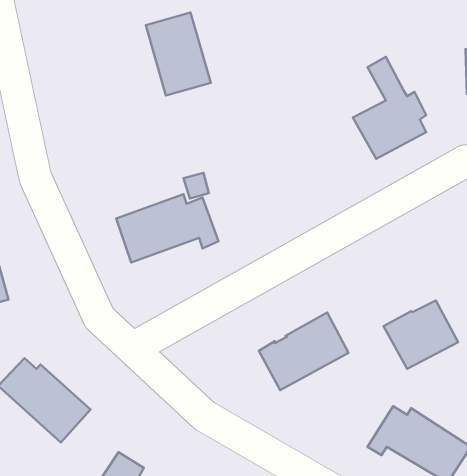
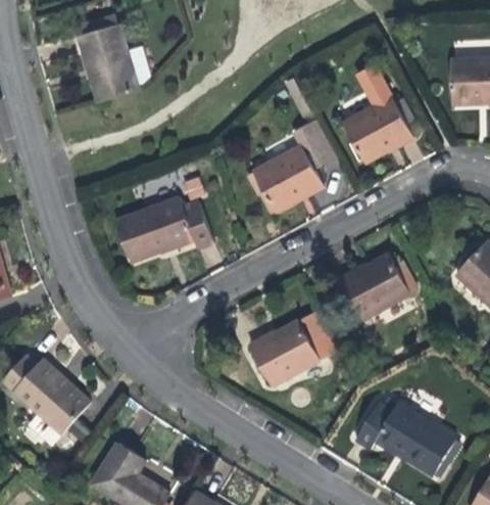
building: [146,12,211,95] -> [78,22,140,102]
building: none -> [253,122,339,211]
building: [384,301,458,369] -> [340,254,411,319]

